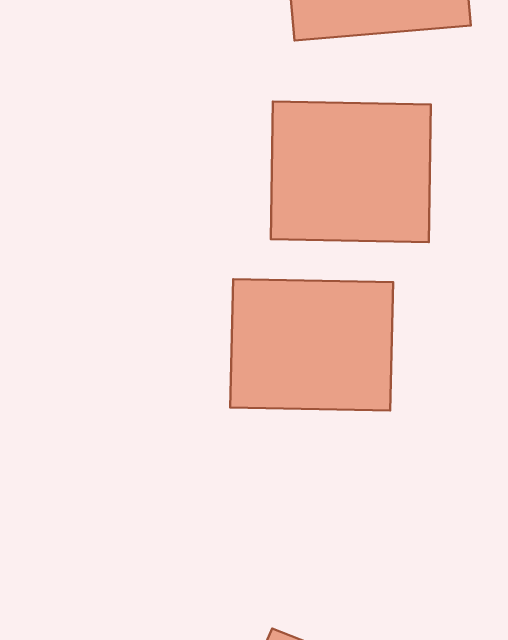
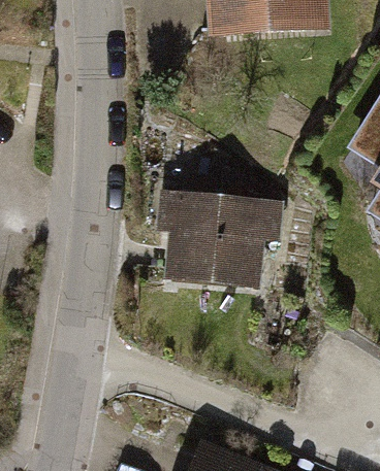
building: [271,102,431,242] -> none

